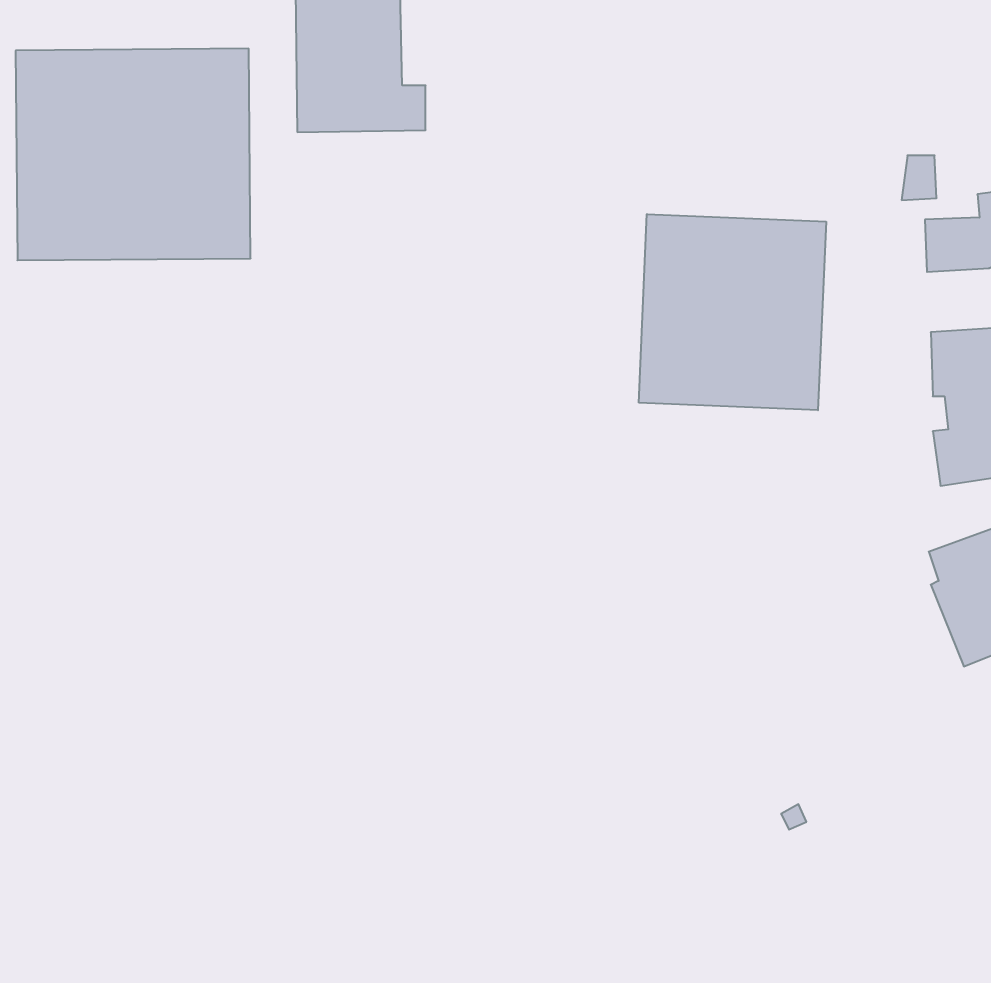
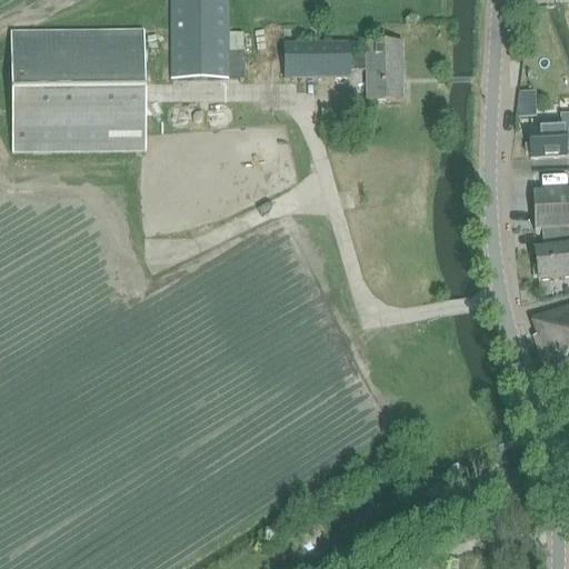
building: none -> [284,37,403,99]
building: [639,214,826,410] -> none

